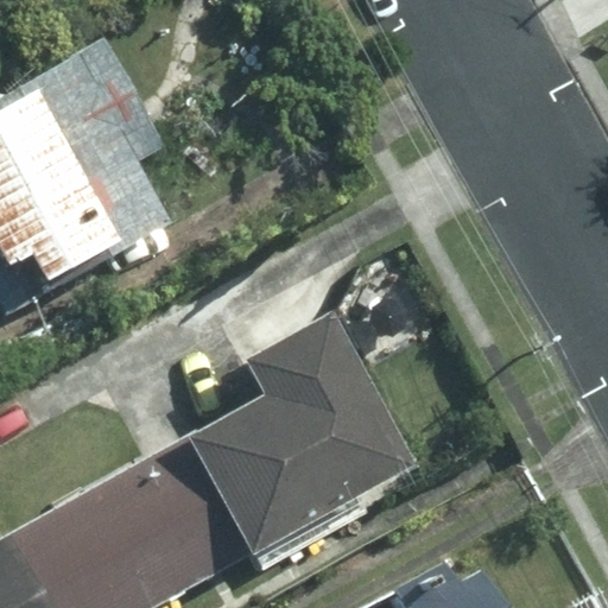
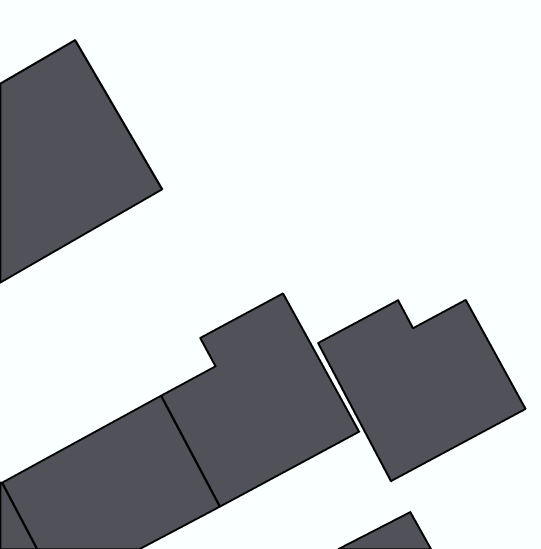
building: none -> [318,300,525,481]

